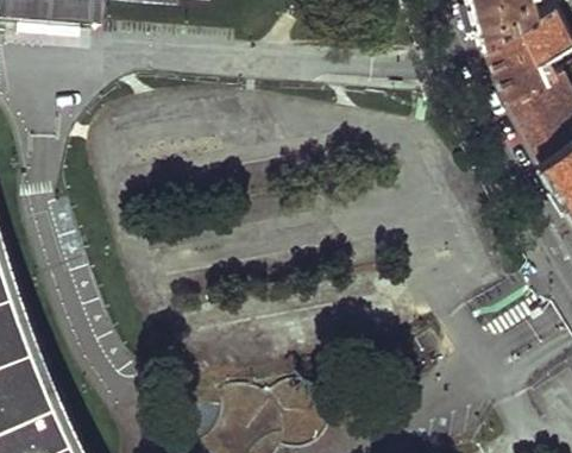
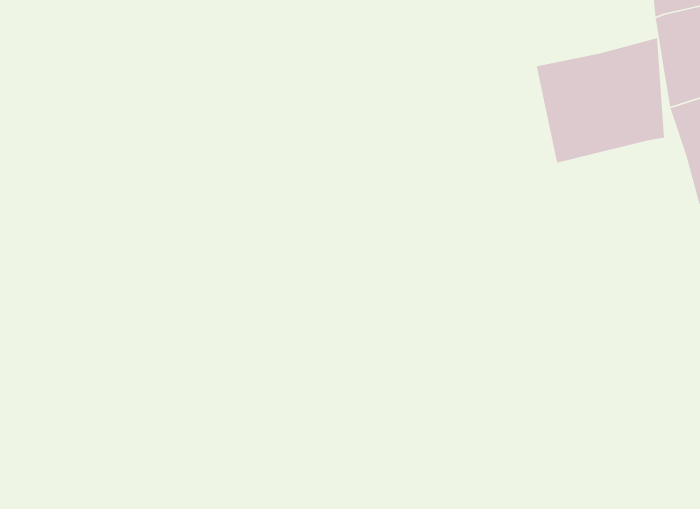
building: none -> [536,37,665,164]

